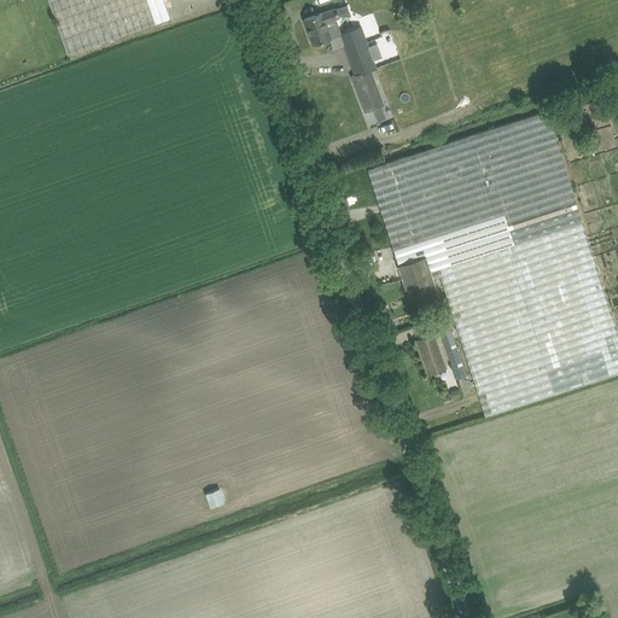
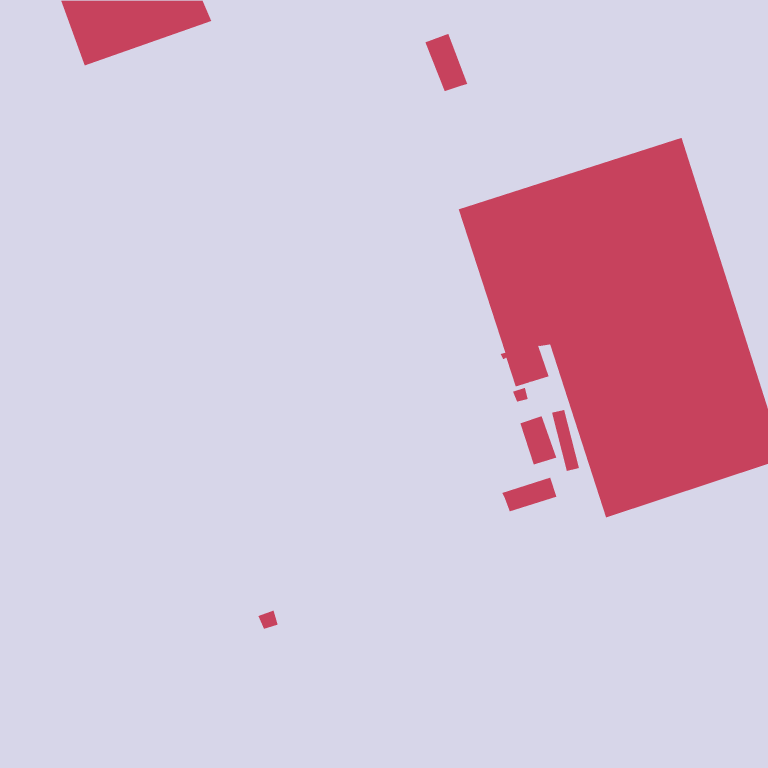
building: [305,10,342,45] -> none
building: [352,70,385,112] -> none
building: none -> [501,477,557,512]

